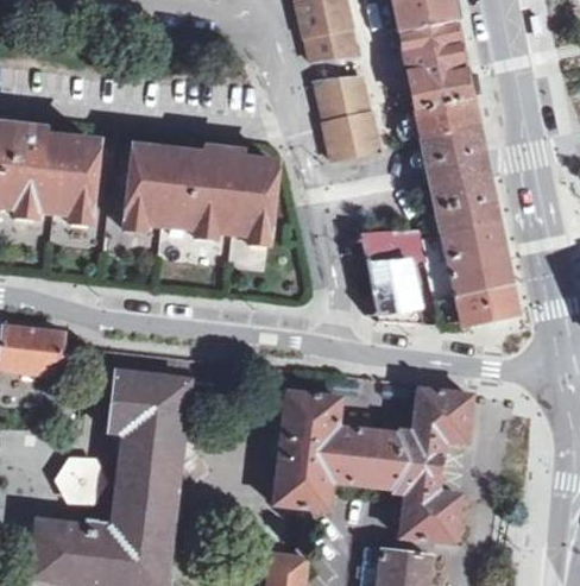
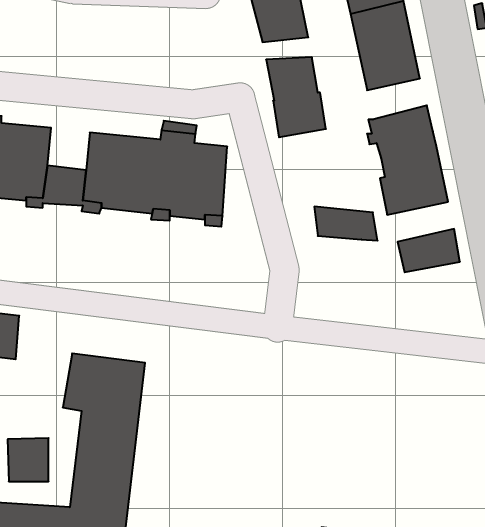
building: [416,94,477,136] -> none
building: [436,219,504,259] -> none
building: [366,253,421,319] -> none
building: [435,279,517,321] -> none
building: [277,389,474,542] -> none

